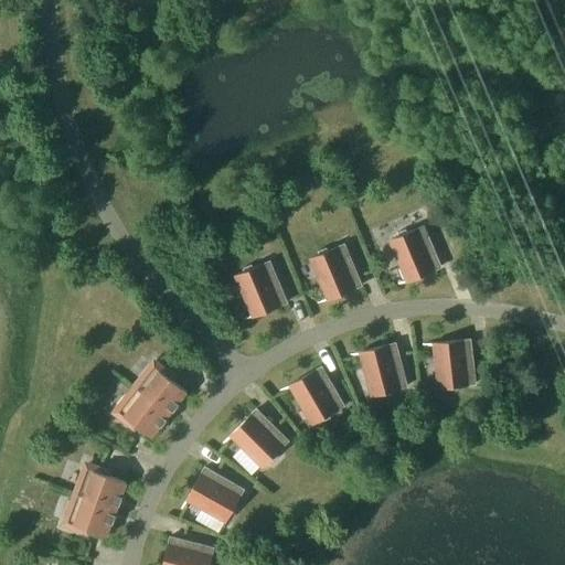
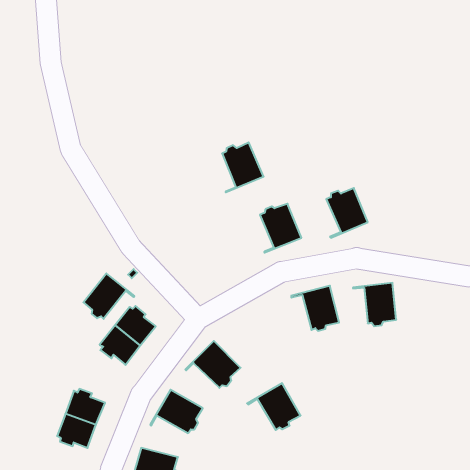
building: [237,262,287,321] -> [222,142,264,192]
building: none -> [83,273,134,319]
building: [279,367,343,424] -> [247,383,301,430]

